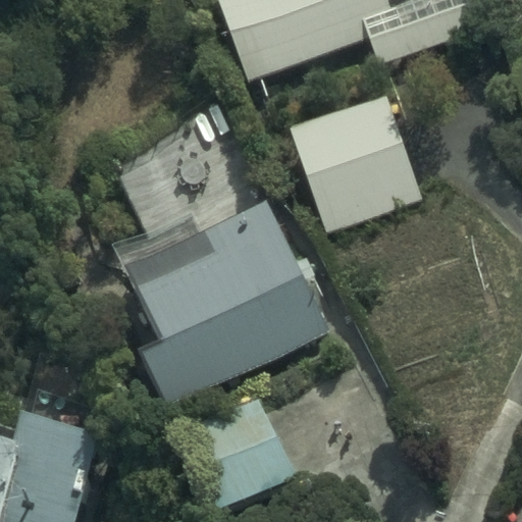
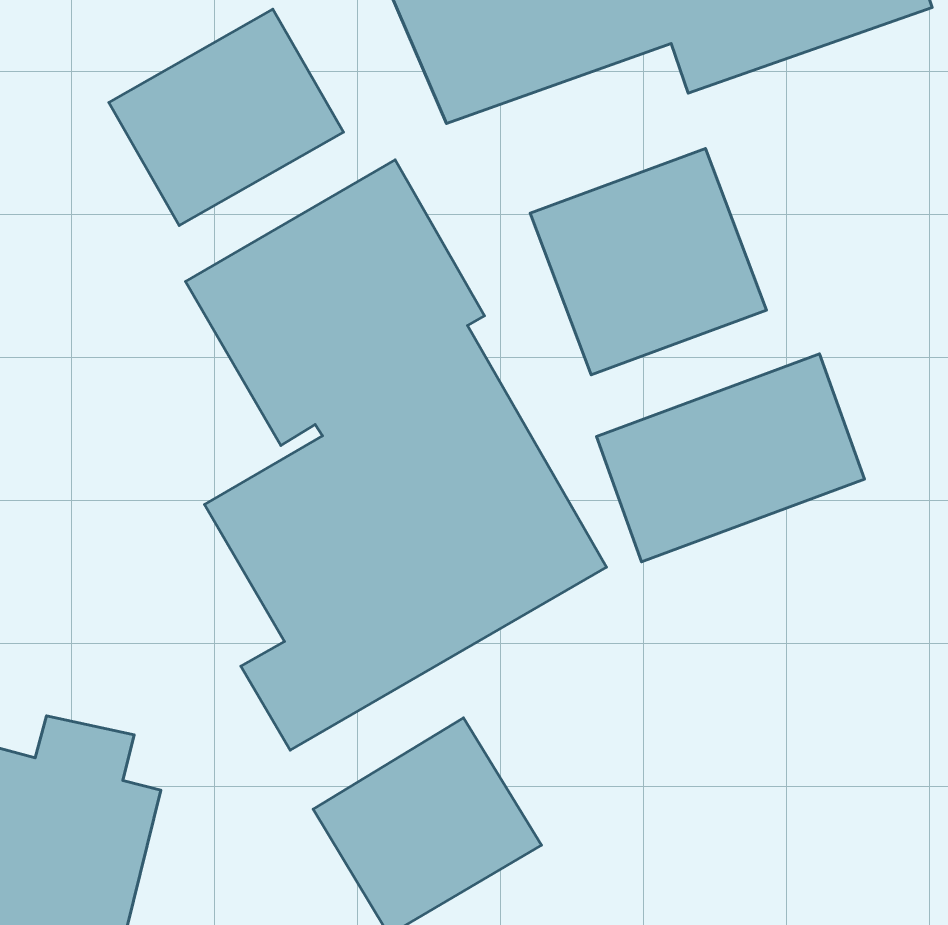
building: none -> [109,9,343,225]
building: none -> [597,354,865,562]

